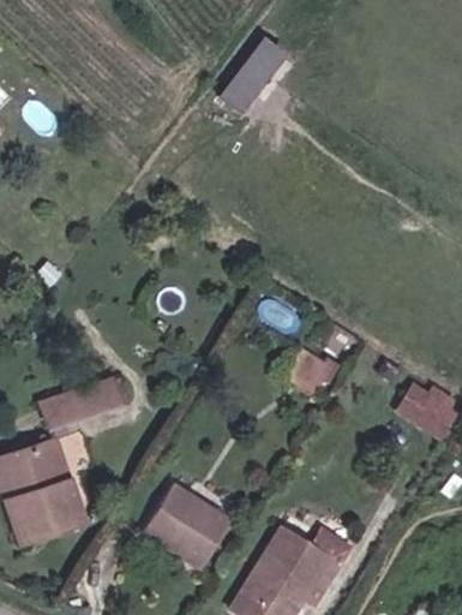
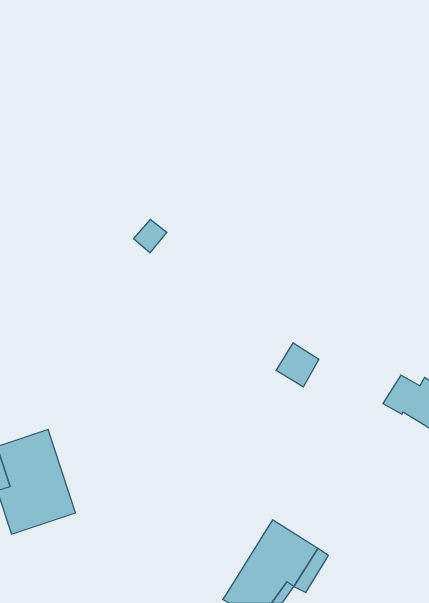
building: [221,37,286,112] -> none
building: [44,381,121,426] -> none
building: [145,485,230,566] -> none

